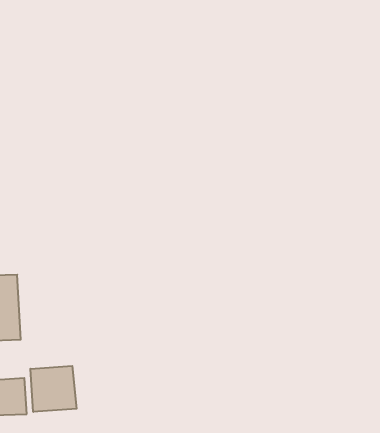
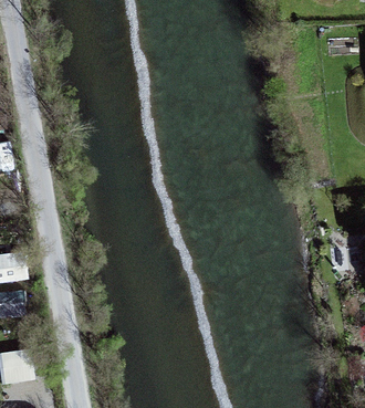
building: [30,366,77,412] -> none

